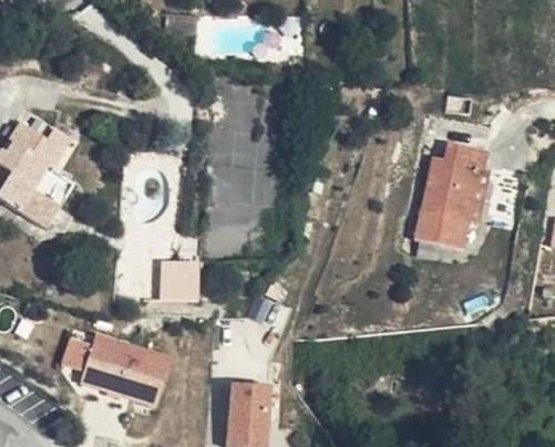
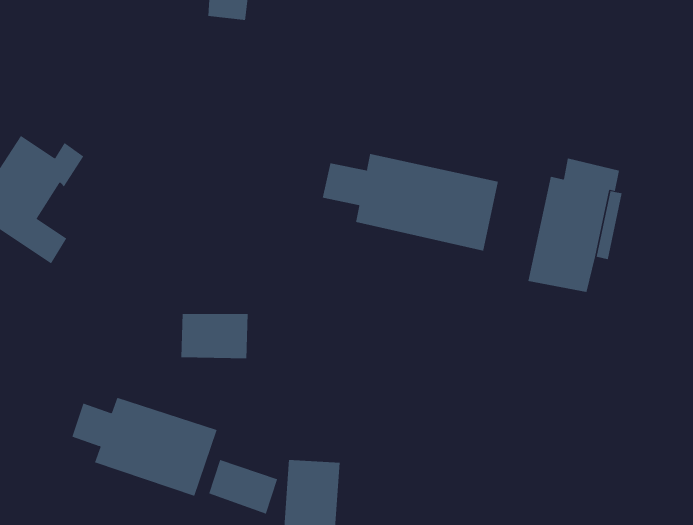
building: none -> [322,153,498,251]
building: none -> [209,459,278,514]

